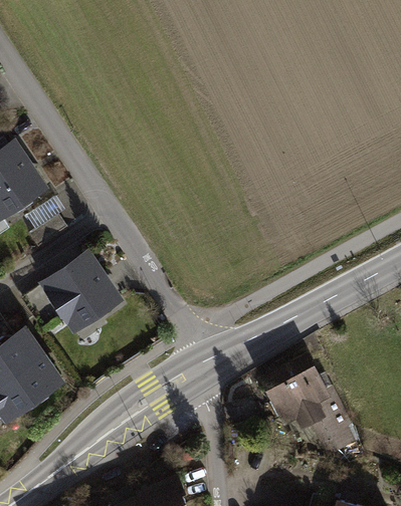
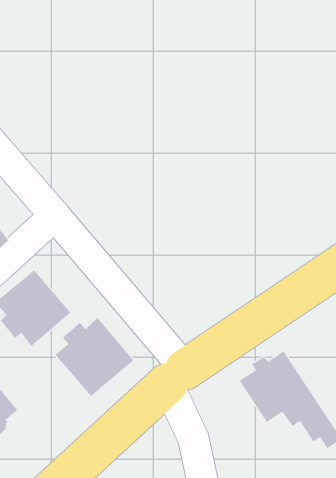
building: none -> [54,317,134,397]

